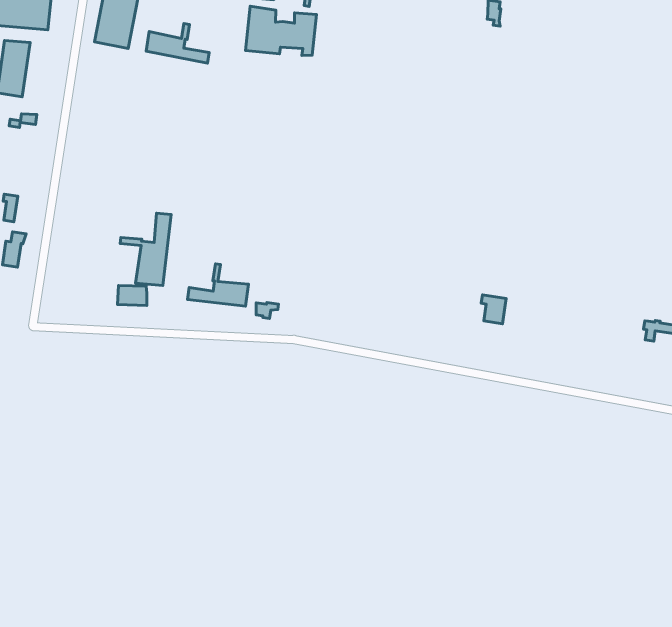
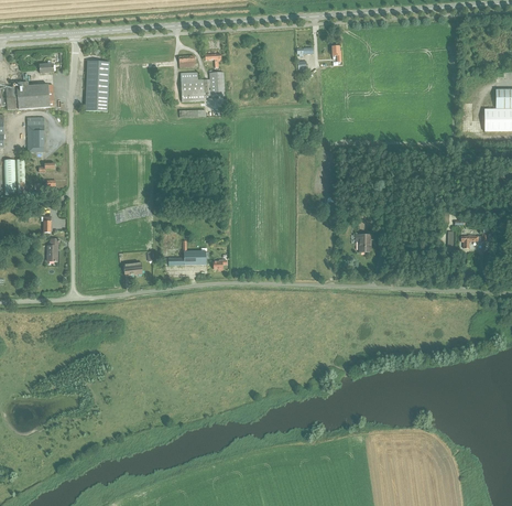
building: [146,24,209,63] -> none
building: [120,213,171,286] -> none

